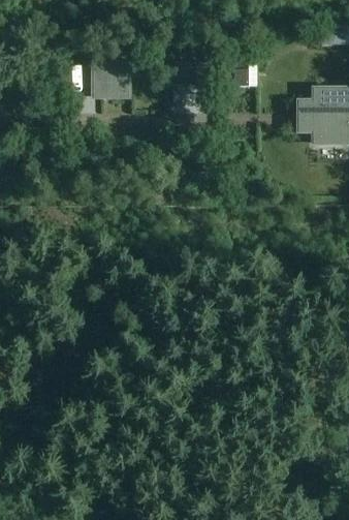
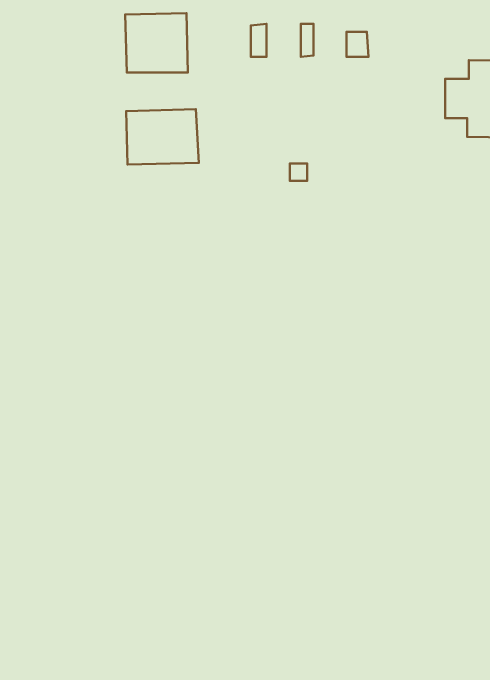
building: none -> [126,109,199,165]

